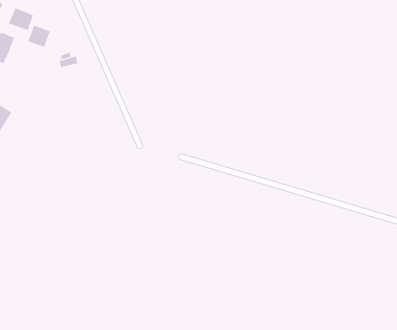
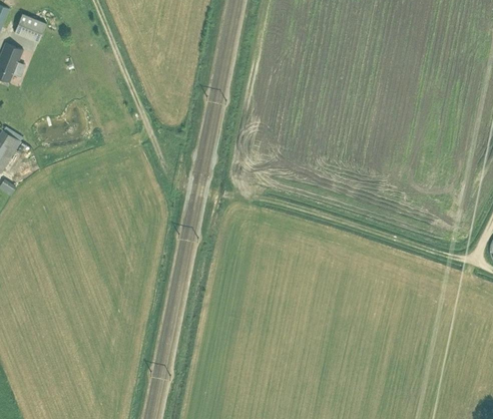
building: [28,25,50,47] -> none

